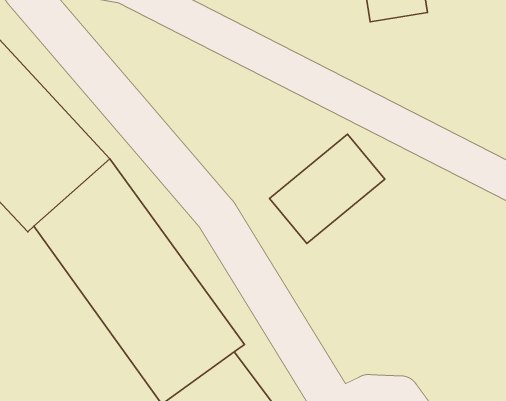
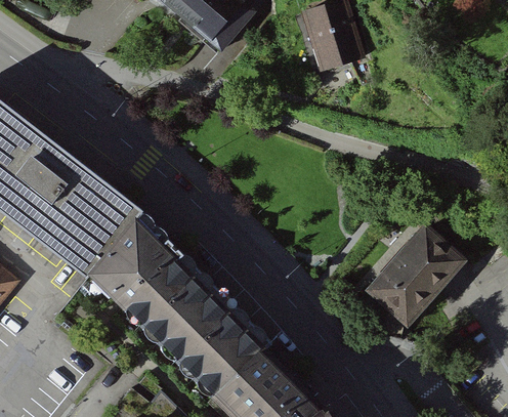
building: [270,134,385,244] -> [370,230,458,321]

